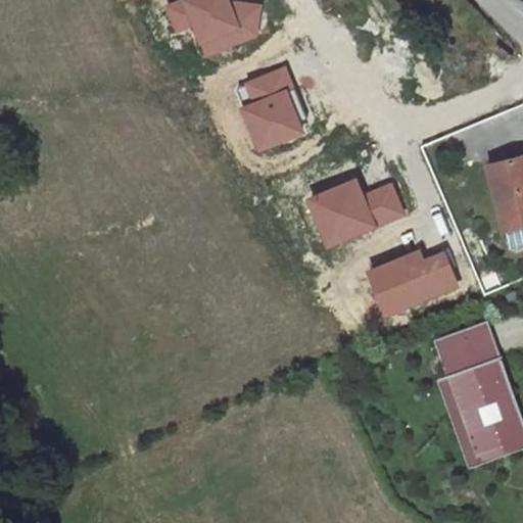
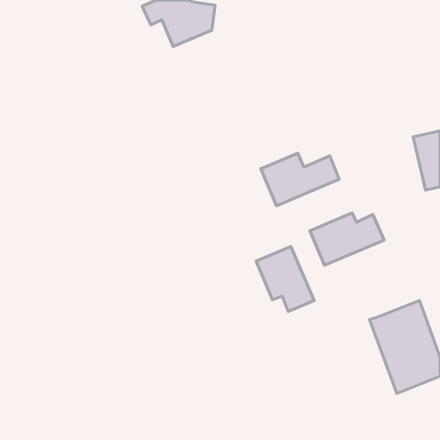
building: [243,70,304,148] -> none
building: none -> [256,246,314,312]
building: [435,322,497,376] -> none

